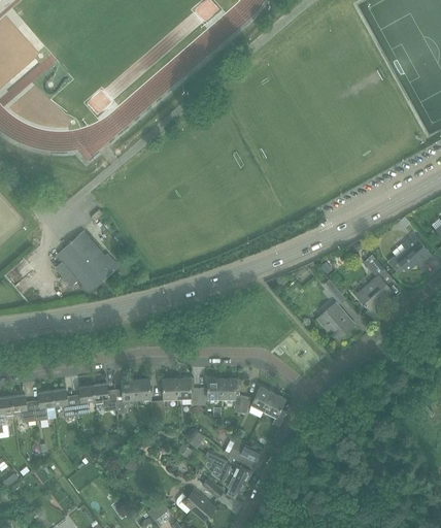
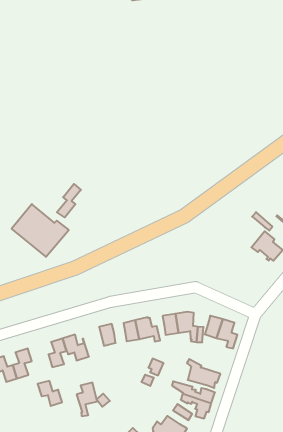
building: none -> [57,184,81,217]
building: [115,378,137,414] -> [77,383,97,416]
building: [53,389,76,417] -> [38,381,62,406]

